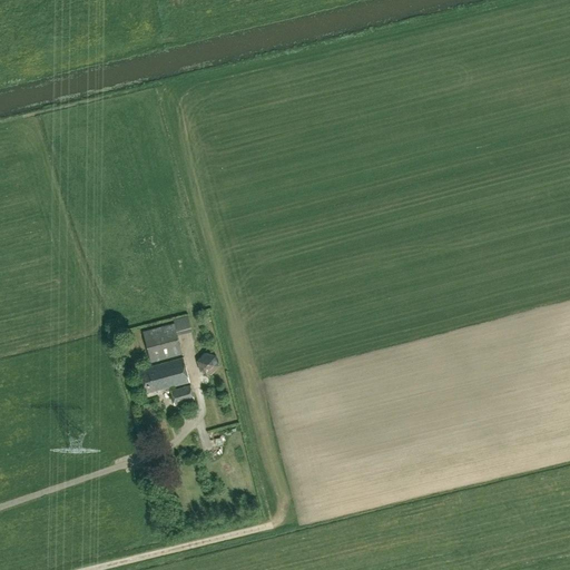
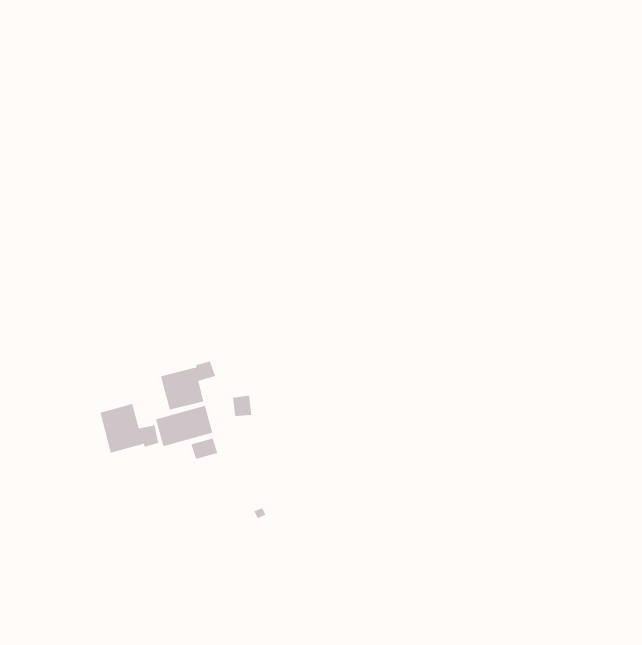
building: none -> [100,403,159,454]

